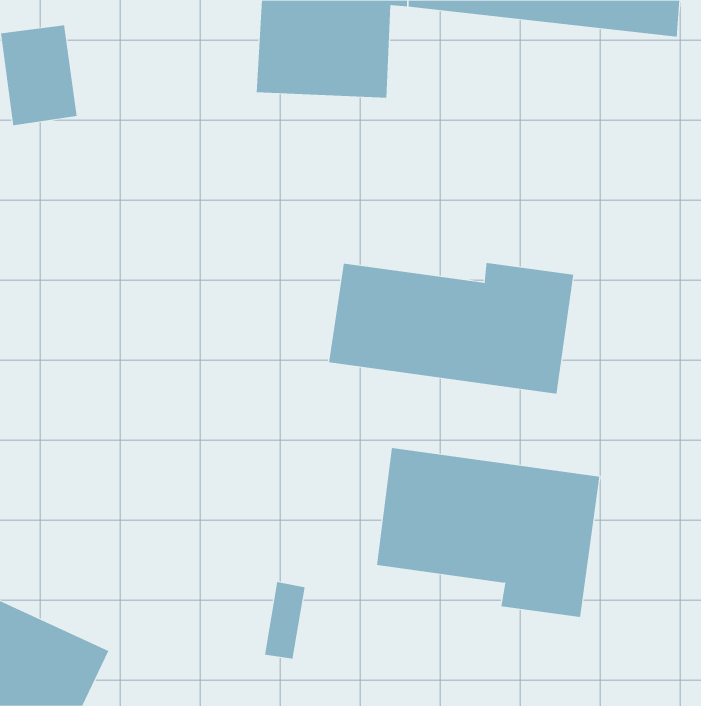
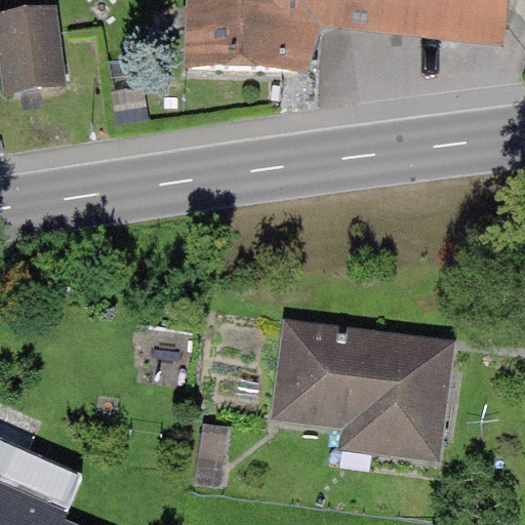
building: [328,262,574,395] -> none

